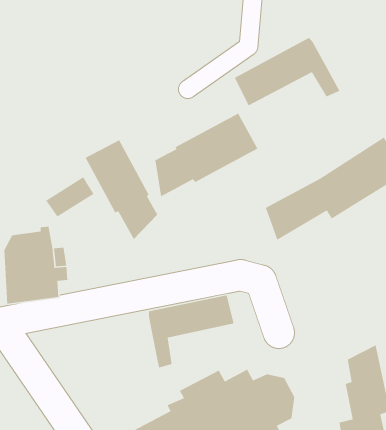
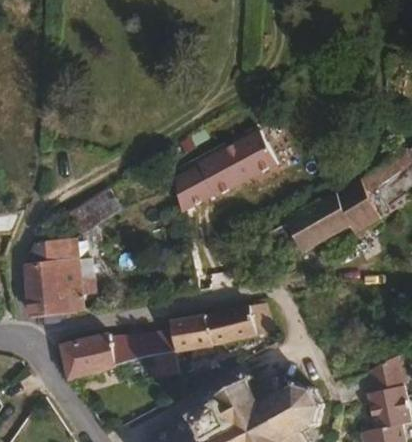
building: [234,37,341,107] -> none
building: [84,139,158,240] -> none
building: none -> [60,329,178,378]

